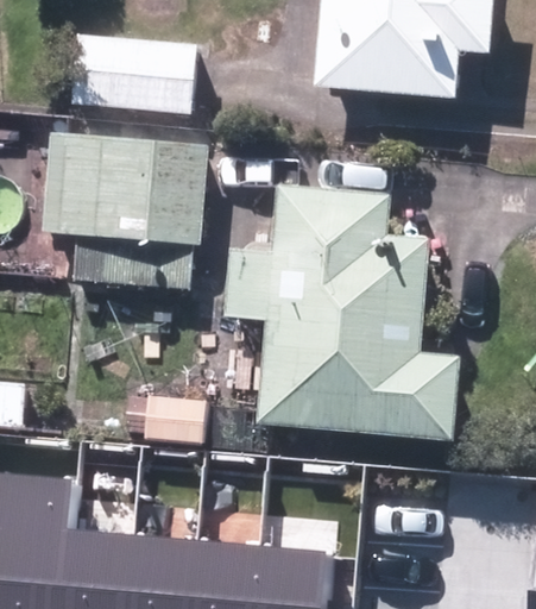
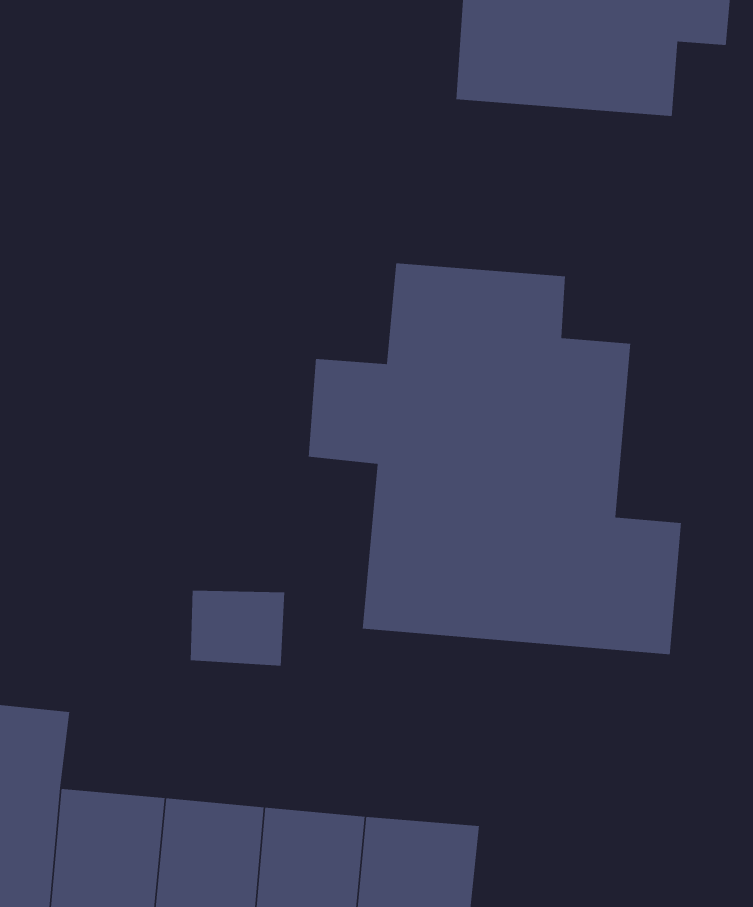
building: [68,38,197,114] -> none
building: [44,134,206,291] -> none

